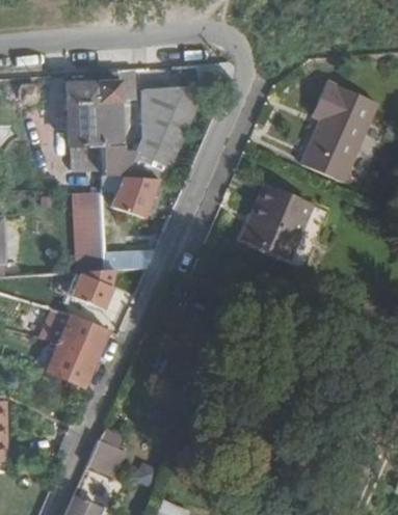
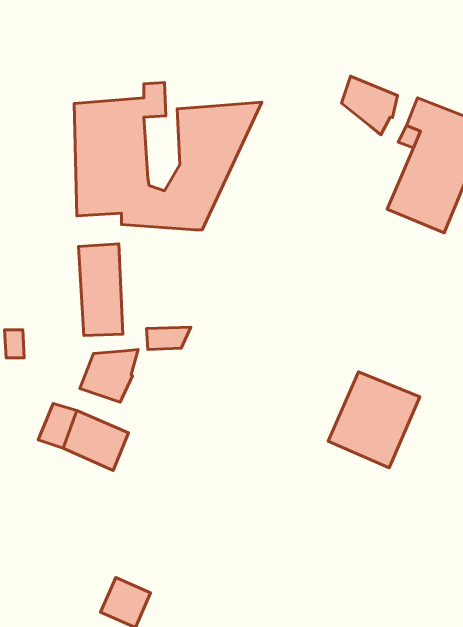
building: none -> [341,76,397,135]
building: [103,175,158,216] -> none
building: [242,187,311,259] -> [328,372,420,468]
building: [47,343,97,385] -> none

